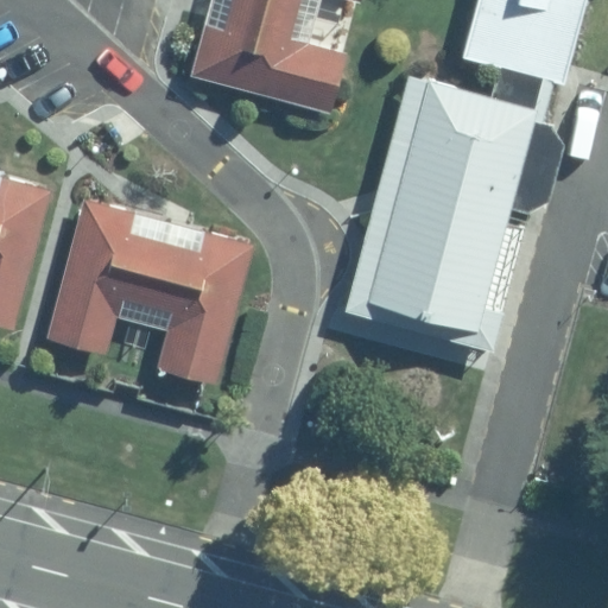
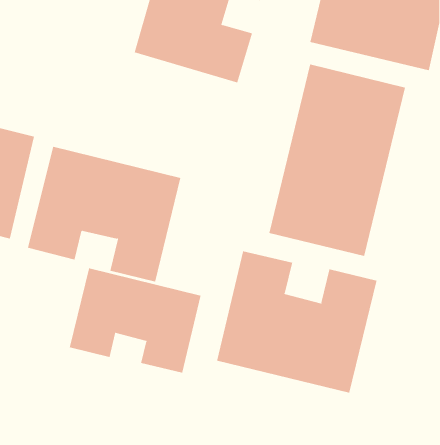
building: none -> [216,250,377,393]
building: none -> [69,268,201,374]

